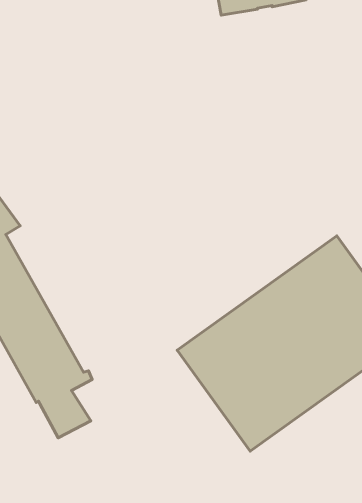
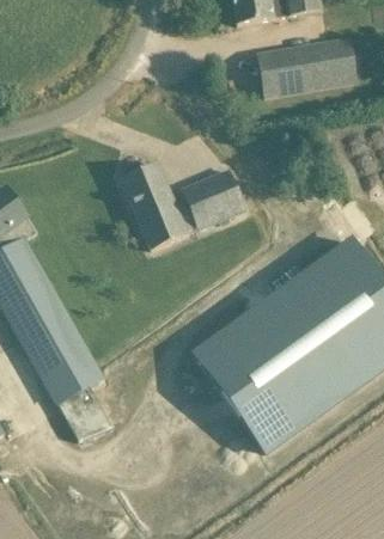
building: none -> [256,36,356,93]
building: none -> [121,163,244,249]

